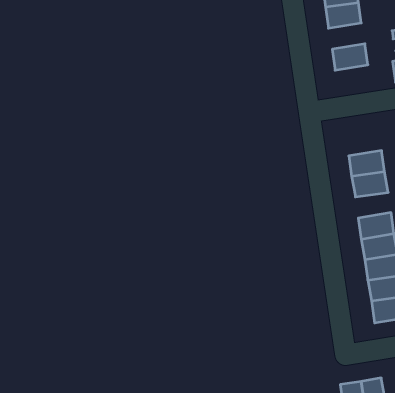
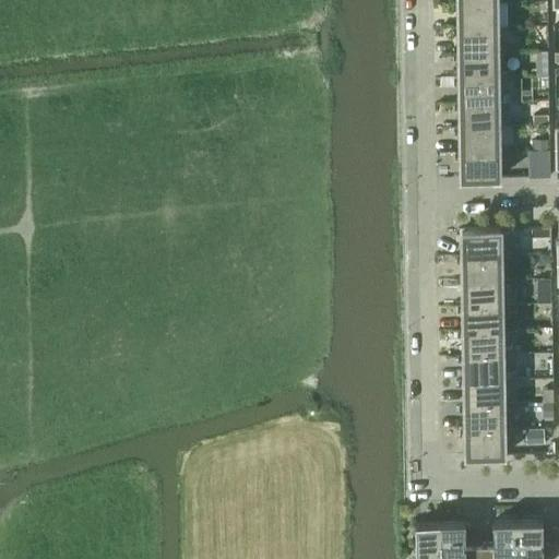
building: none -> [461,103,501,129]
building: none -> [462,153,501,179]
building: none -> [463,229,503,257]
building: none -> [465,306,504,331]

